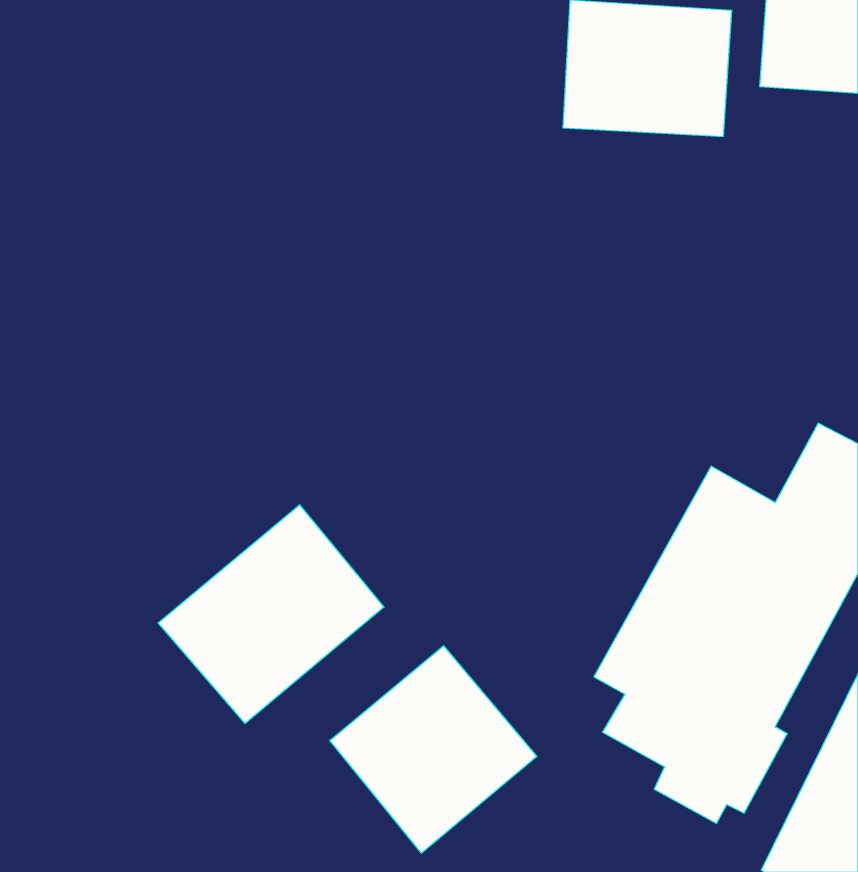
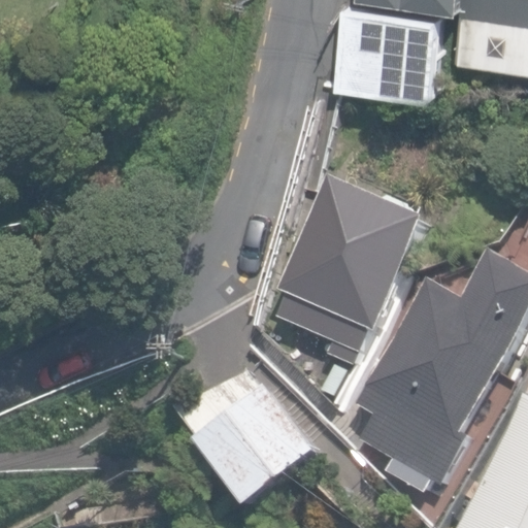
building: none -> [271,173,423,364]
building: [158,505,384,723] -> none

